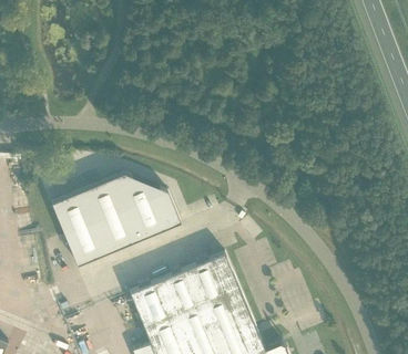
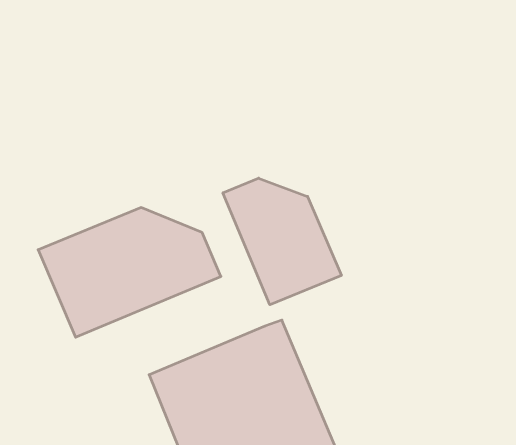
building: none -> [223,178,341,305]

